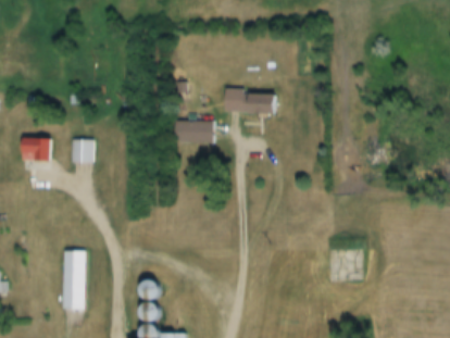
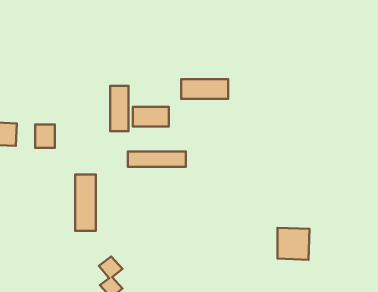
building: none -> [110,86,129,131]
building: none -> [128,151,186,167]
building: [63,250,85,310] -> [75,175,96,231]

